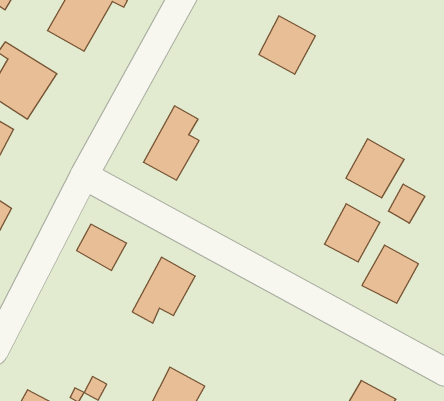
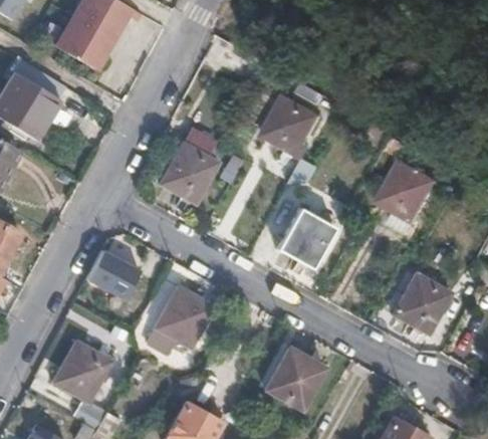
building: [259,16,315,74] -> [261,94,321,157]
building: [388,184,425,223] -> none
building: [324,204,380,262] -> [276,206,335,268]
building: none -> [53,342,114,405]
building: none -> [267,349,326,411]

